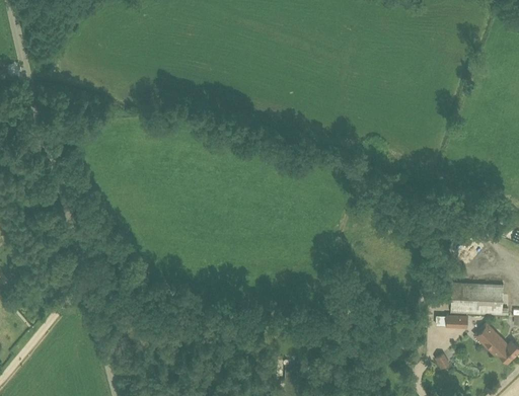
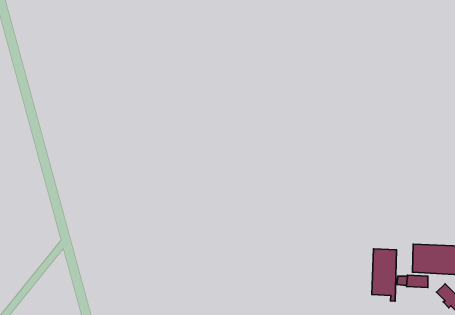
building: none -> [372,249,397,301]

